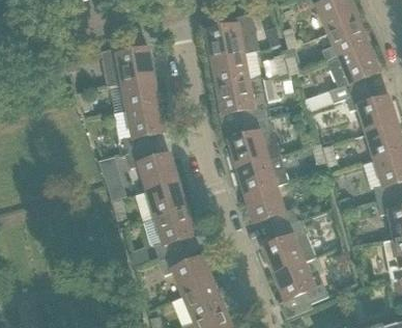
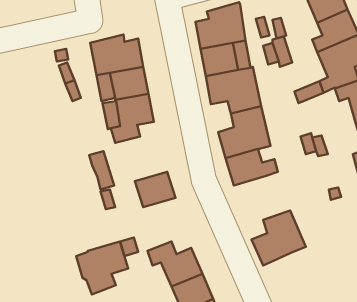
building: [125,145,177,190] -> none
building: [243,185,296,228] -> none
building: [142,207,194,259] -> [76,242,128,295]
building: [272,261,327,305] -> none

